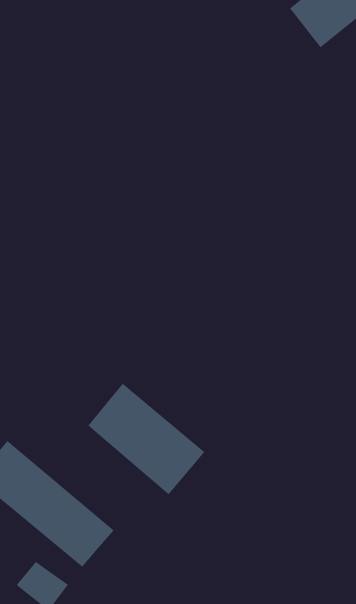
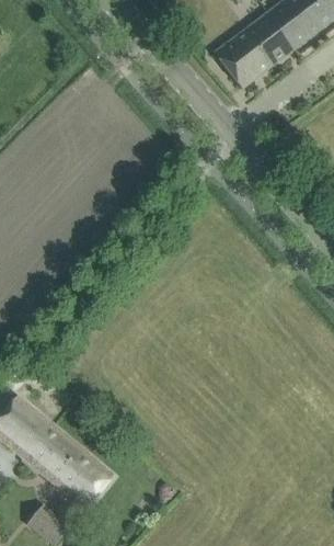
building: none -> [215,12,295,88]
building: [88,383,205,495] -> none

